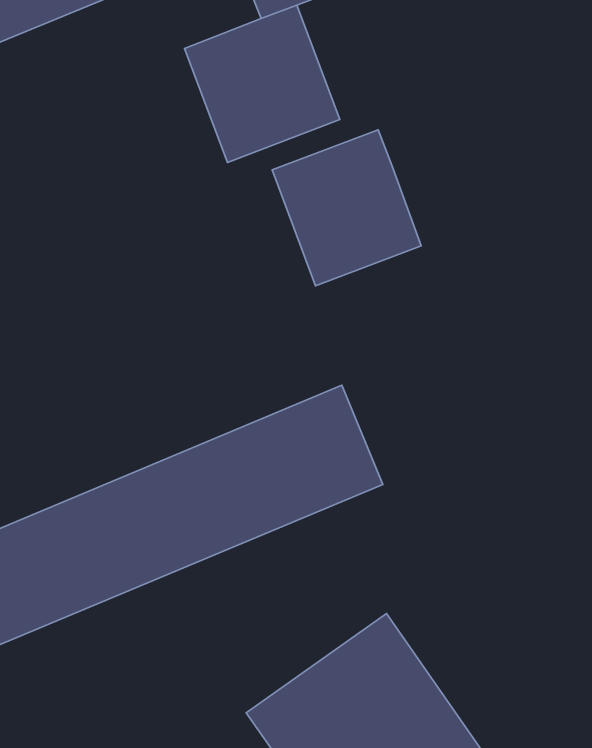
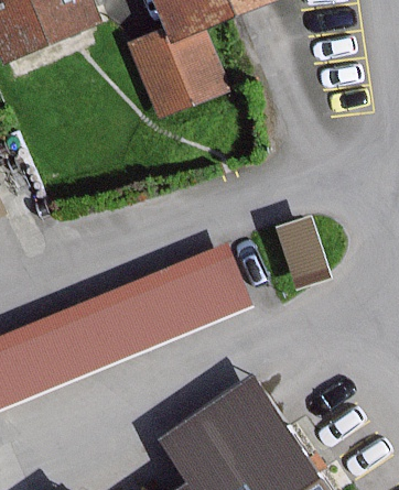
building: [272,130,421,286] -> none

